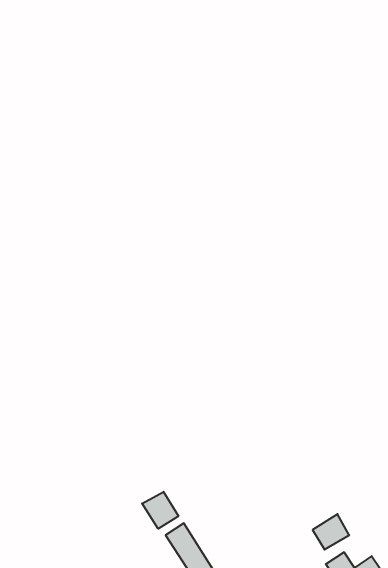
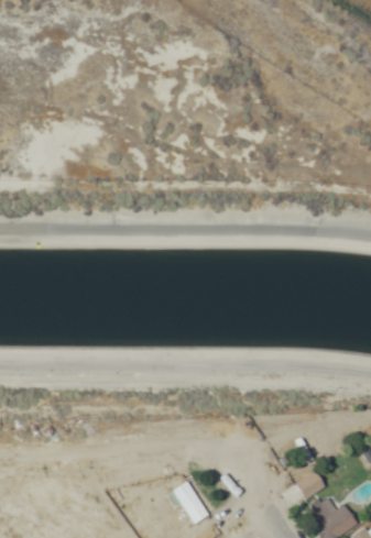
building: [142,492,178,529] -> none

